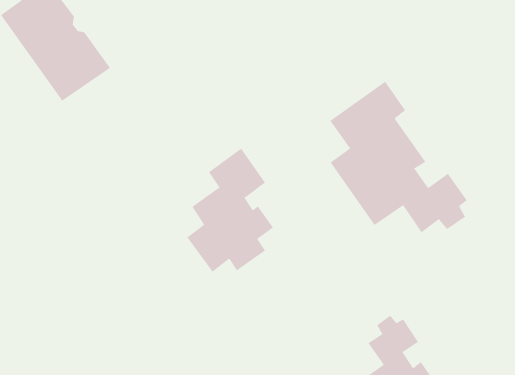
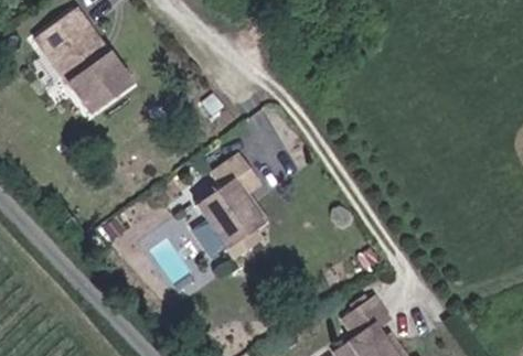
building: [329,81,468,233] -> none

